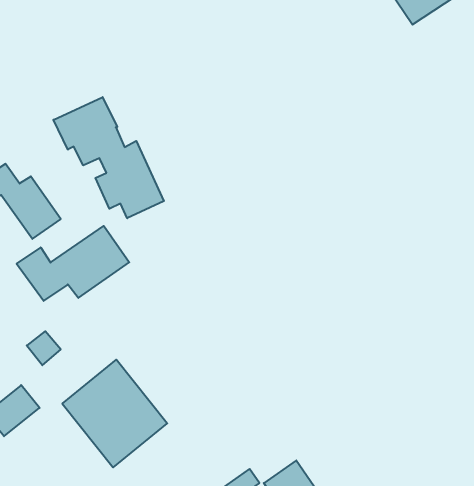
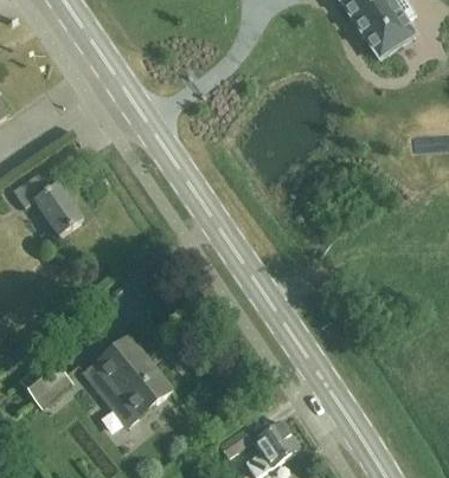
building: [53,97,164,218] -> none
building: [17,226,129,301] -> none

